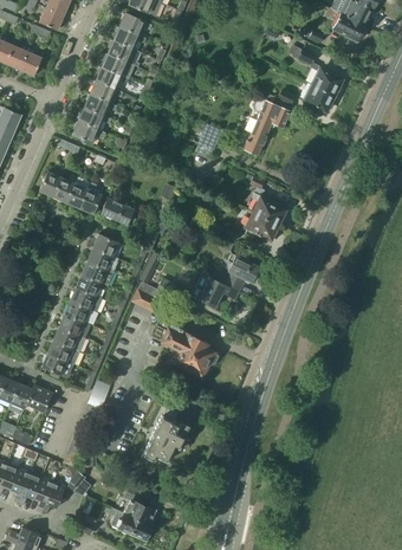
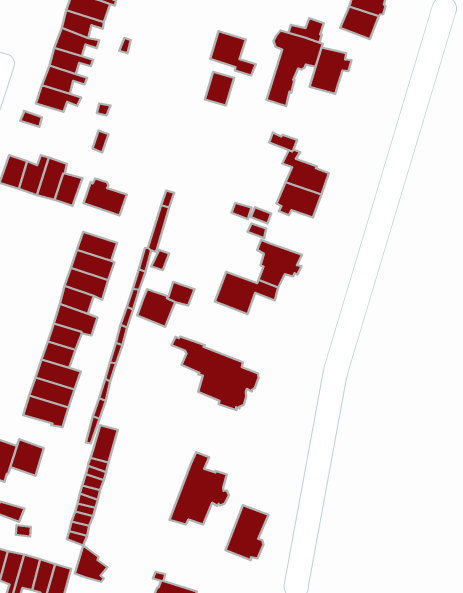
building: none -> [210,31,256,75]
building: none -> [310,48,351,94]
building: none -> [225,505,268,560]

